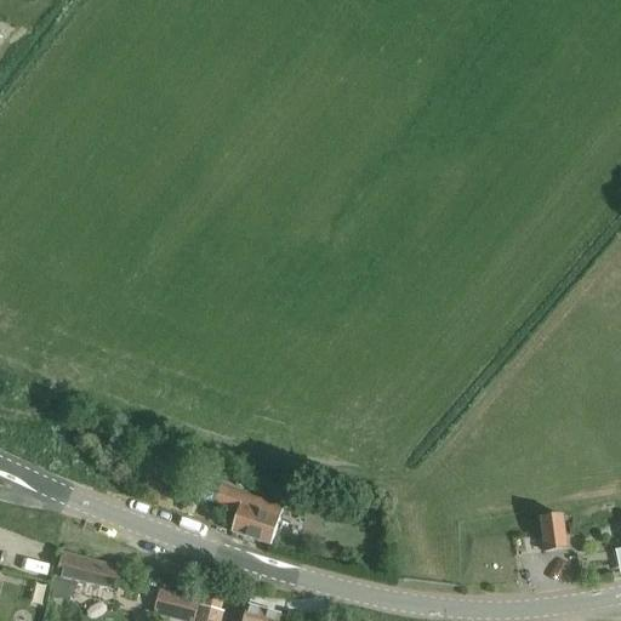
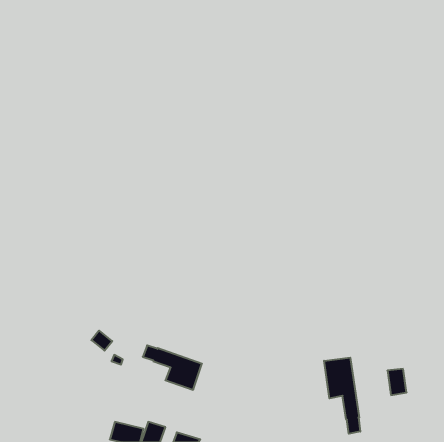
building: none -> [324,358,360,434]
building: [50,551,123,596] -> none

